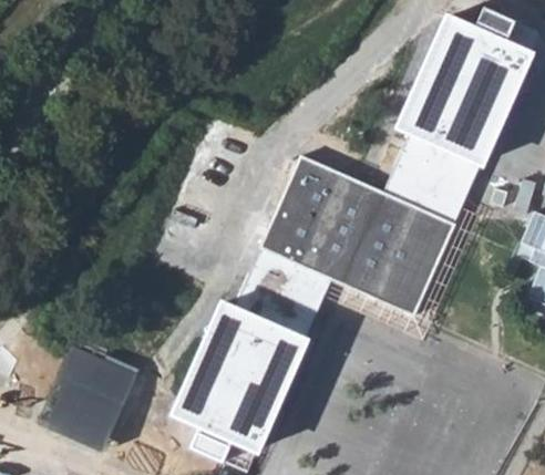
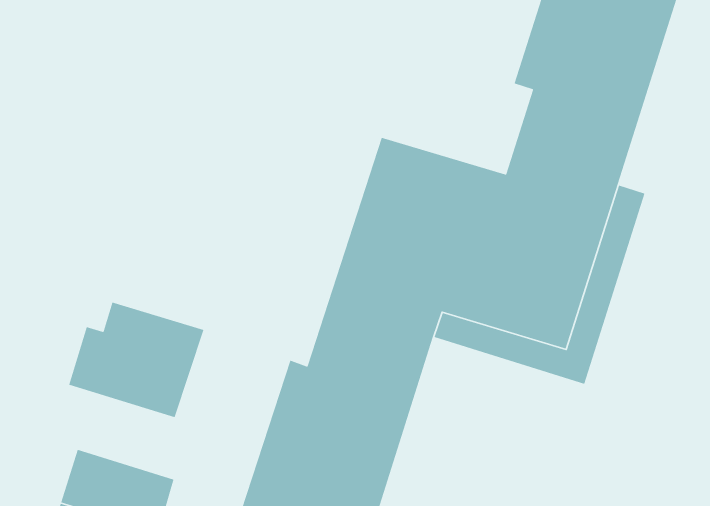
building: none -> [68,301,204,418]

